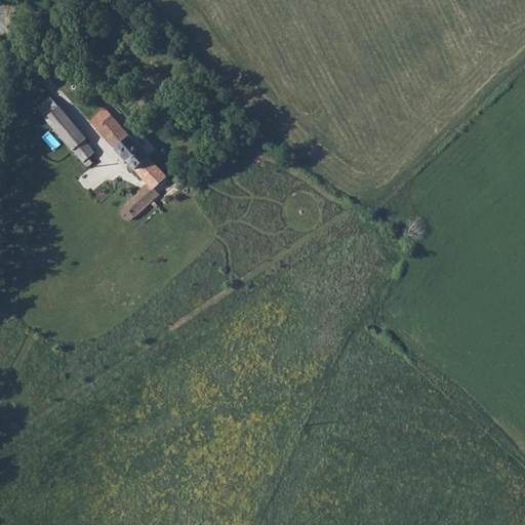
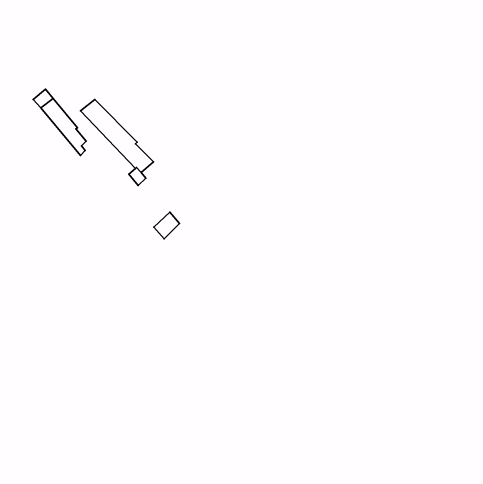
building: [122,189,150,217] -> [154,212,179,239]

